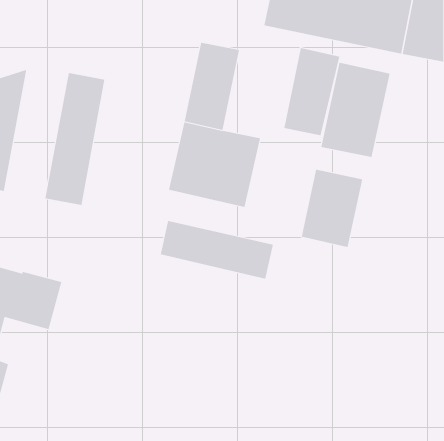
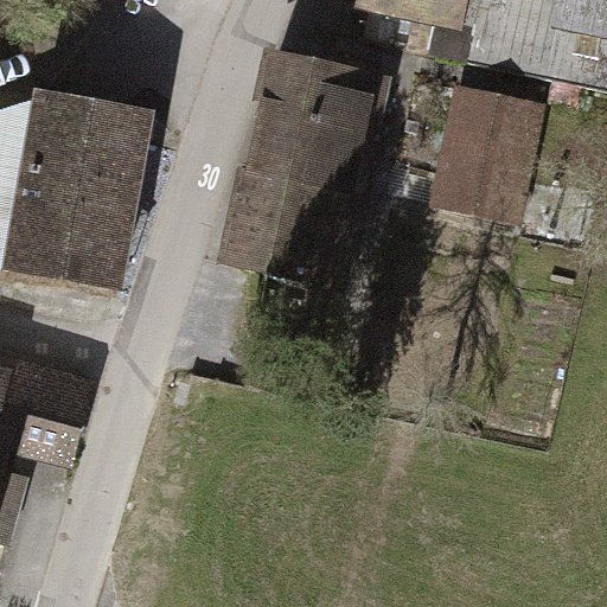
building: [283,48,340,136] -> [302,68,379,187]
building: none -> [6,88,92,269]
building: [301,169,363,248] -> none
building: [160,220,274,279] -> none

